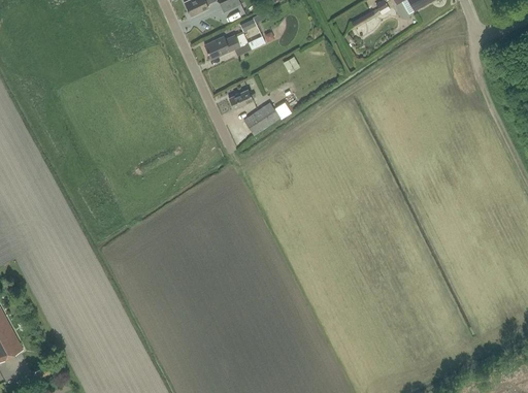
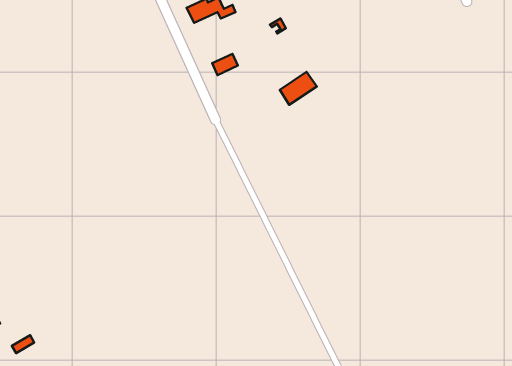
building: [244,102,280,134] -> [280,72,317,105]

